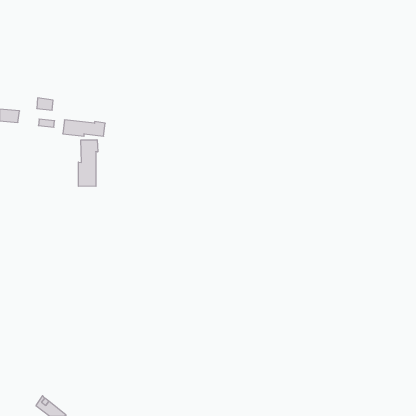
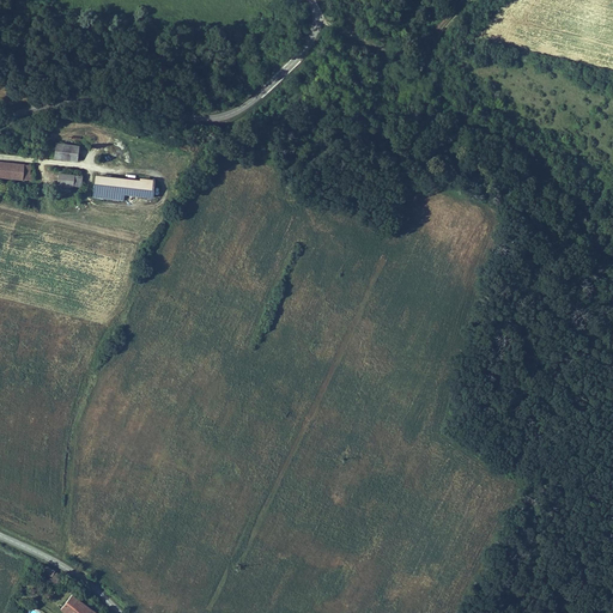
building: [78,140,98,186] -> none

